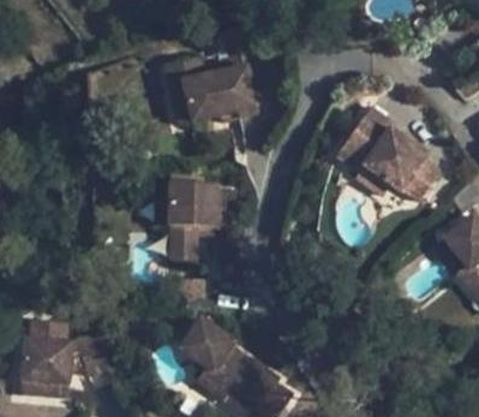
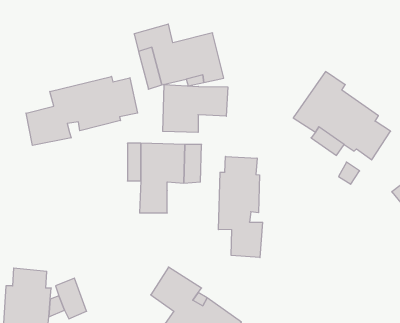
building: none -> [26,76,138,145]
building: none -> [163,84,228,132]
building: none -> [218,156,263,258]

